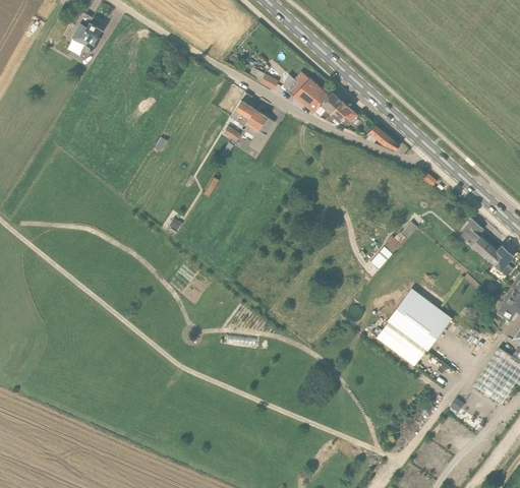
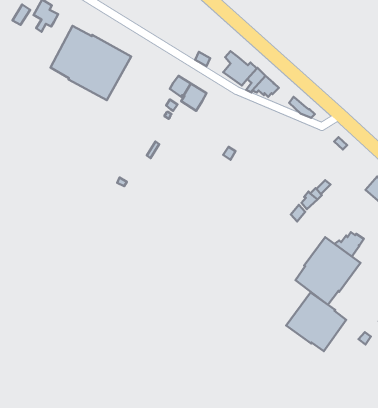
building: none -> [51,26,131,100]
building: none -> [335,232,364,256]
building: none -> [286,293,346,351]

